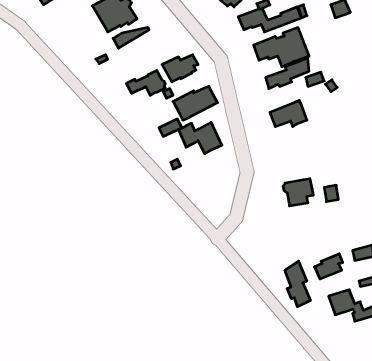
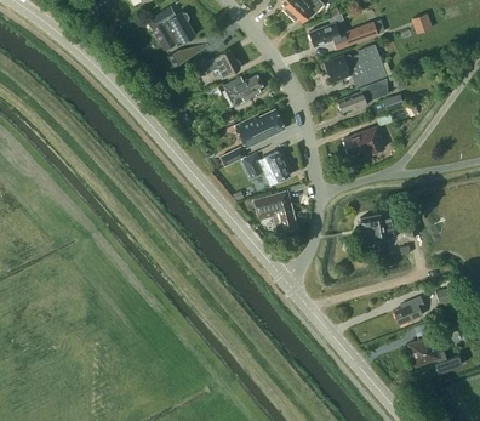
building: [126,70,165,95] -> [196,49,240,76]
building: none -> [255,190,296,232]
building: [285,261,310,307] -> none

